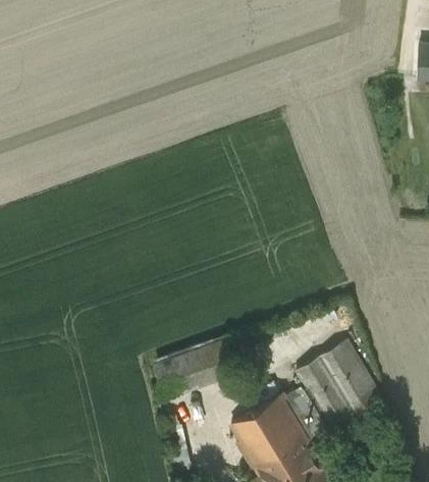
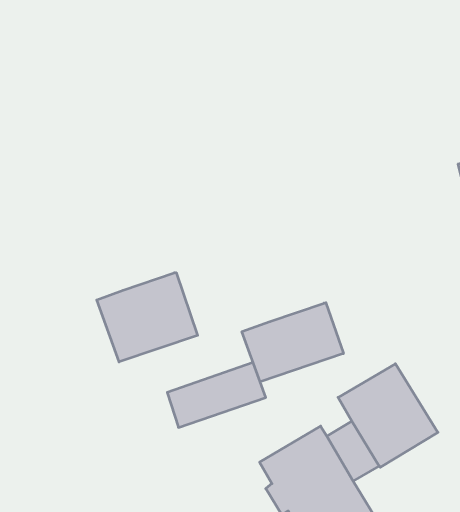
building: none -> [97,273,198,362]
building: none -> [242,303,343,382]

